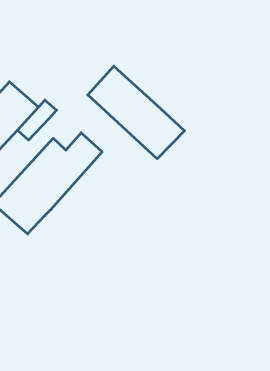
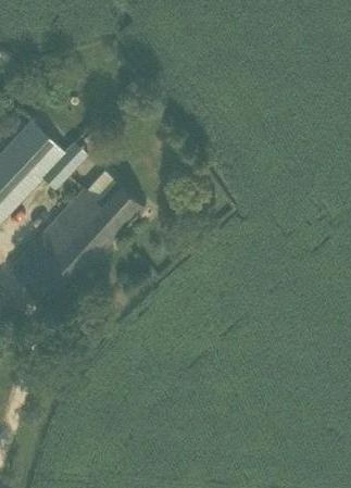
building: [88,66,185,159] -> none

